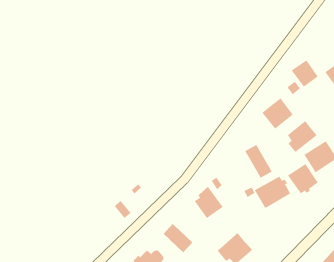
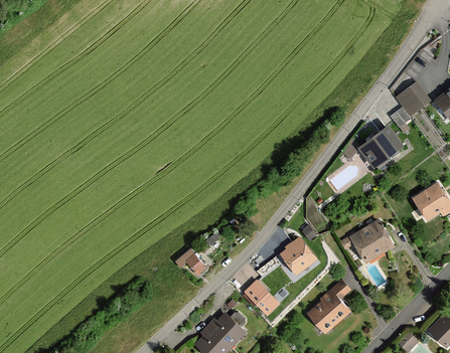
building: [287,120,318,153] -> none
building: [244,144,273,179] -> none
building: [287,163,319,194] -> none

